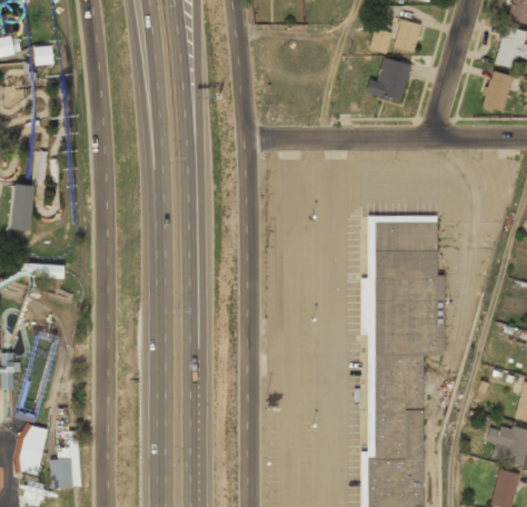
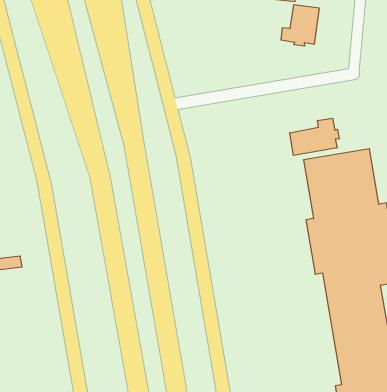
building: none -> [290,118,339,155]

